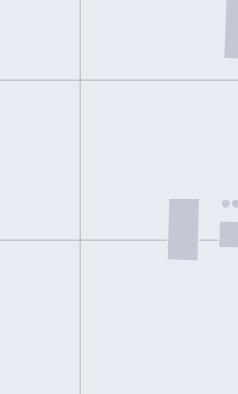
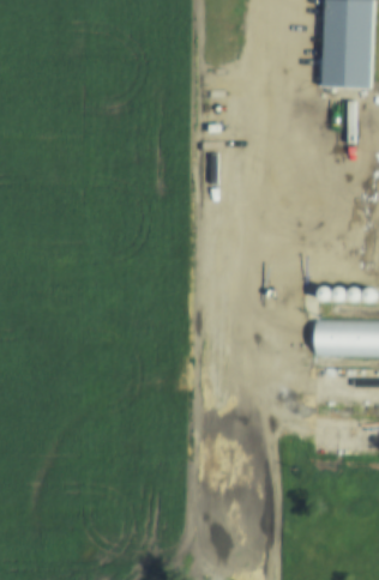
building: [167,198,199,261] -> none

